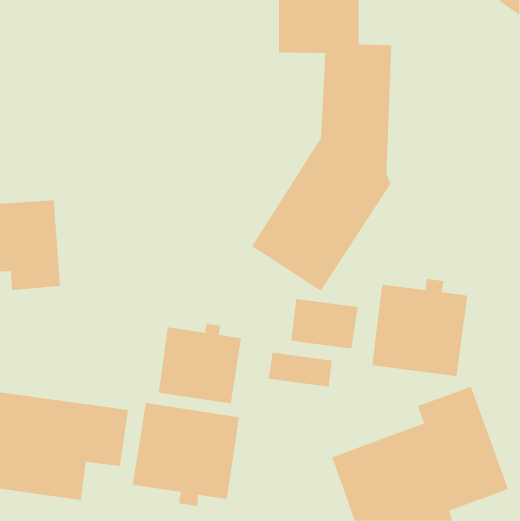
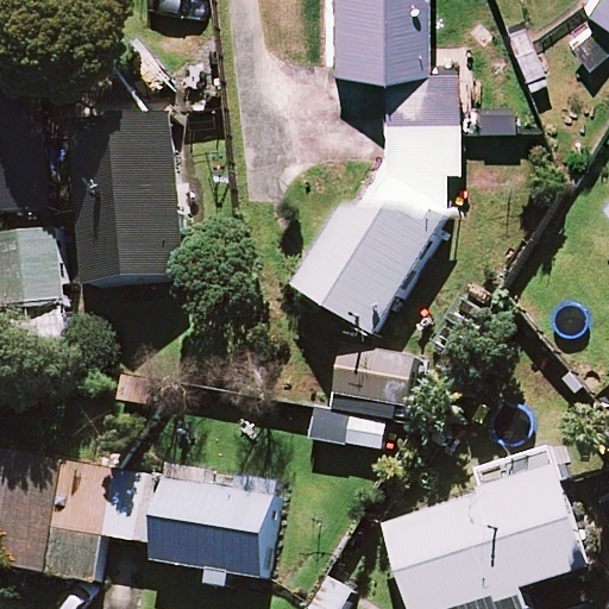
building: none -> [71,114,183,284]
building: [372,278,468,377] -> none
building: [158,323,242,404] -> none

